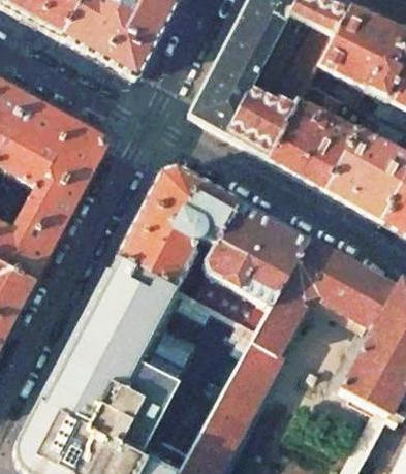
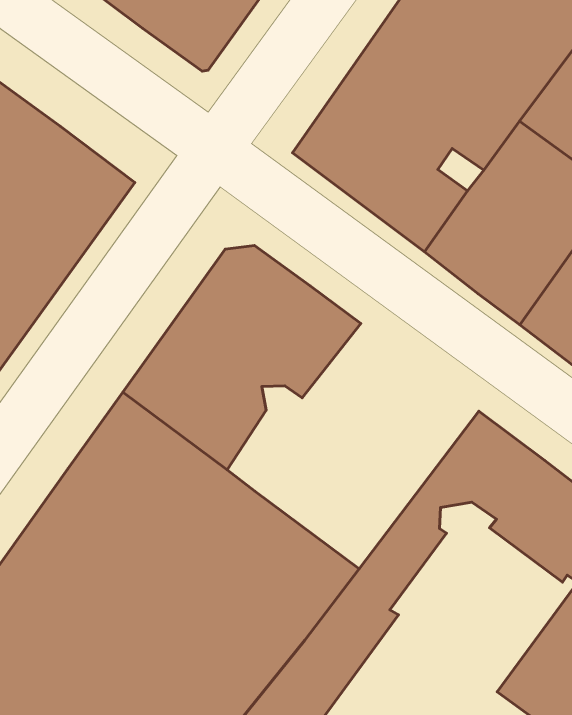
building: [196,198,311,330] -> none

